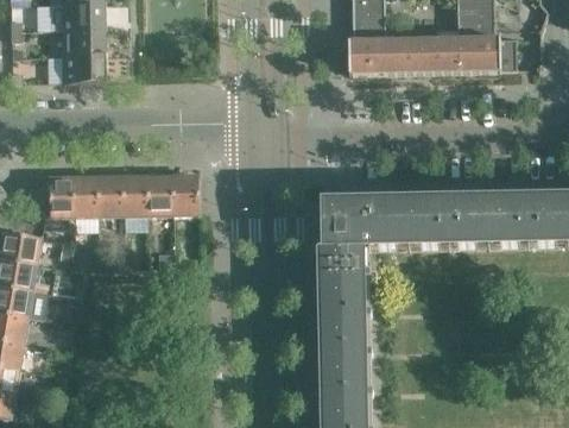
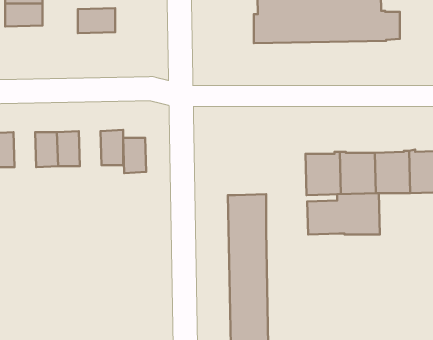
building: [63,51,106,80] -> [78,8,115,33]
building: [147,172,173,213] -> [123,138,146,173]
building: [72,174,99,214] -> none
building: [325,199,409,246] -> [307,193,380,235]

